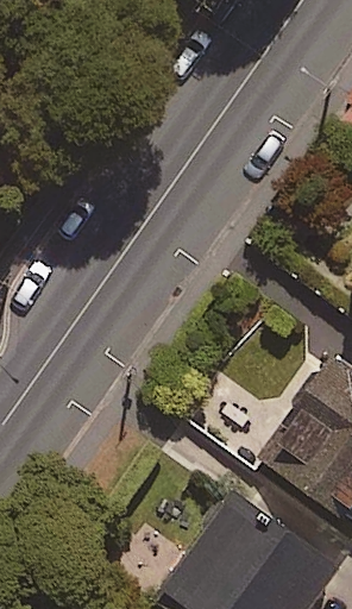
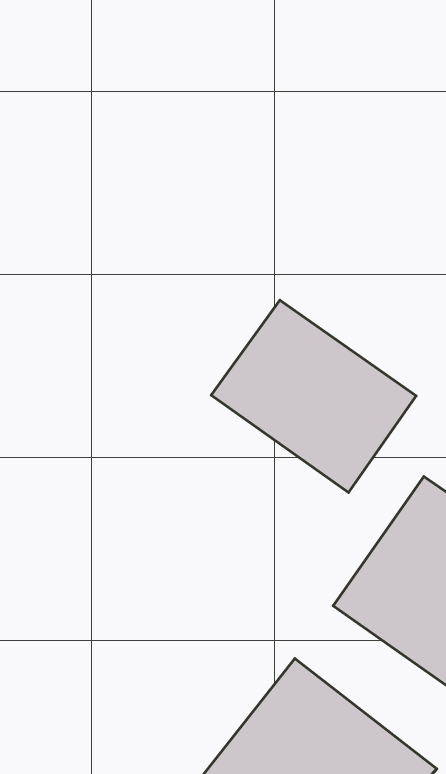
building: none -> [211,300,416,493]

